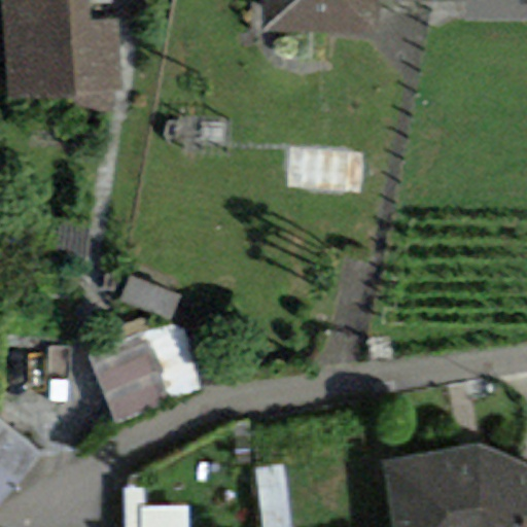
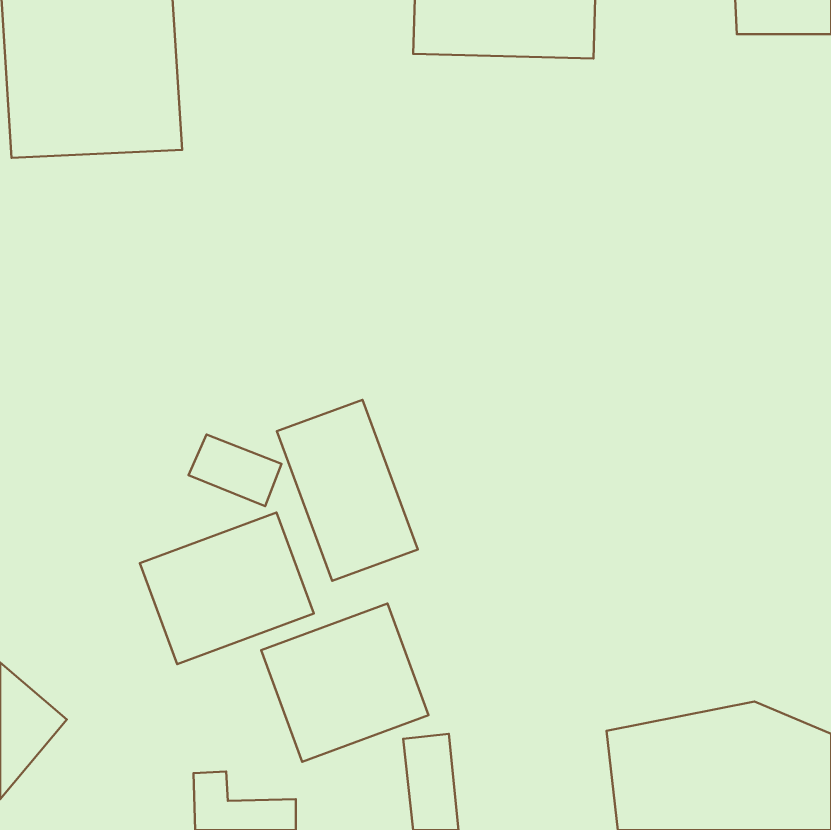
building: none -> [277,400,418,581]
building: none -> [261,604,428,762]

